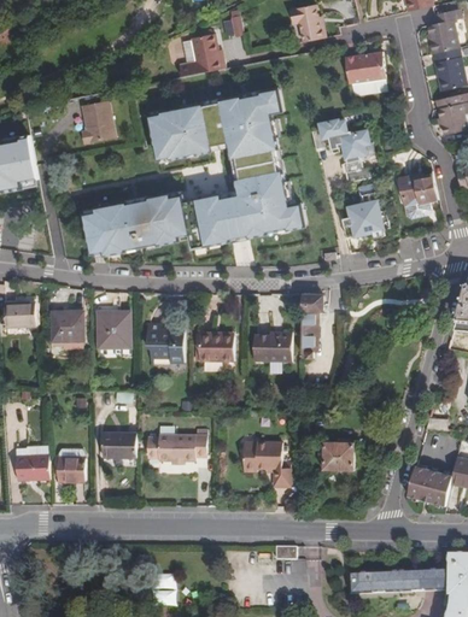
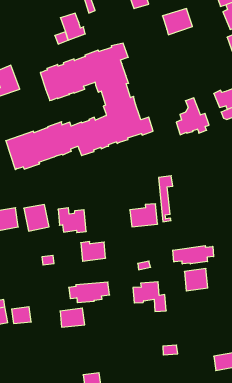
building: [310,119,368,172] -> none
building: [199,331,235,359] -> [81,242,106,261]
building: none -> [173,246,214,264]
building: [101,435,136,460] -> [60,308,85,327]

